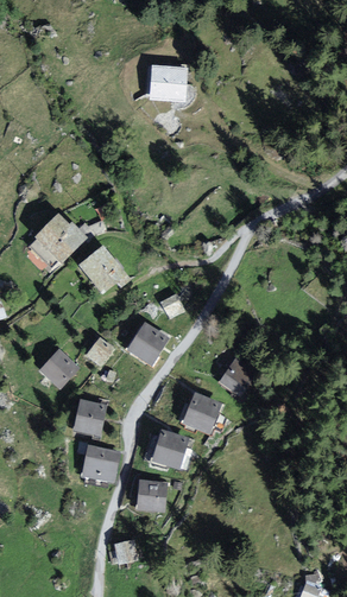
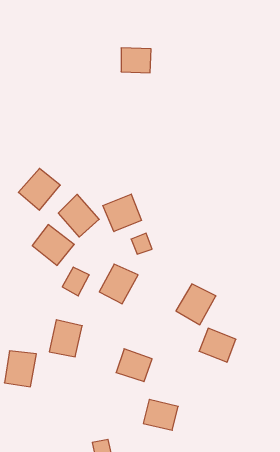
building: none -> [103,194,141,232]
building: [32,341,82,389] -> [32,225,74,265]
building: [179,395,223,436] -> [199,328,236,362]
building: [82,442,120,484] -> [4,351,36,387]
building: [135,475,177,512] -> [143,399,178,430]

